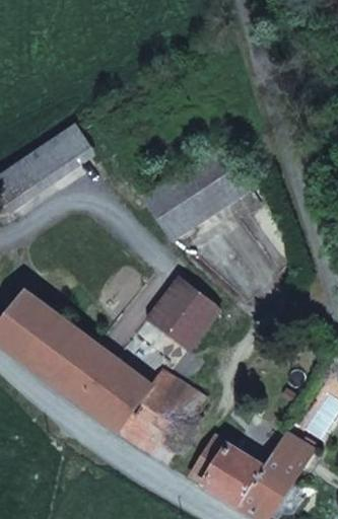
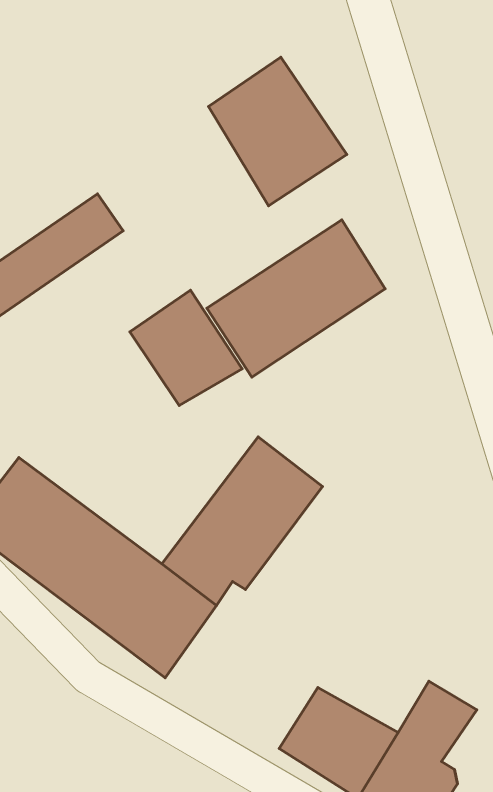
building: none -> [208,57,347,206]
building: none -> [130,290,242,405]
building: [117,369,205,460] -> none

